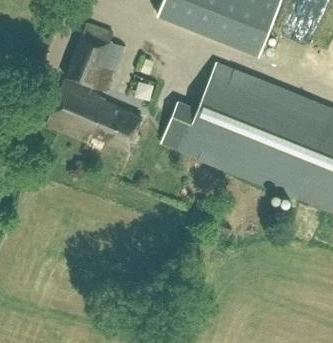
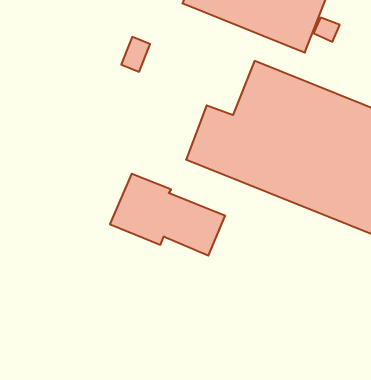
building: [67,22,114,90] -> none
building: [46,80,142,148] -> [110,174,225,256]

